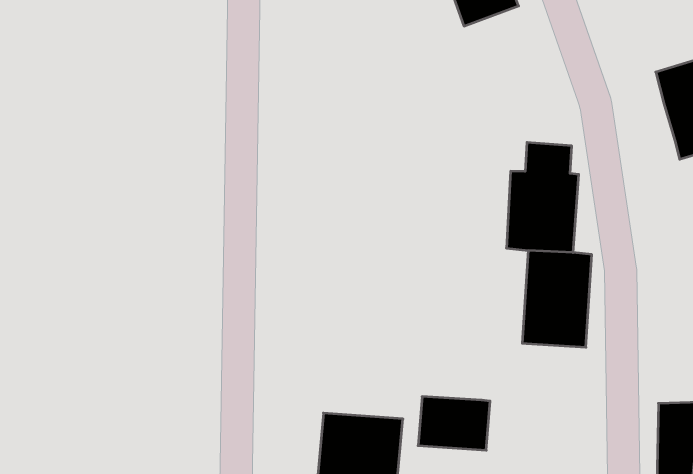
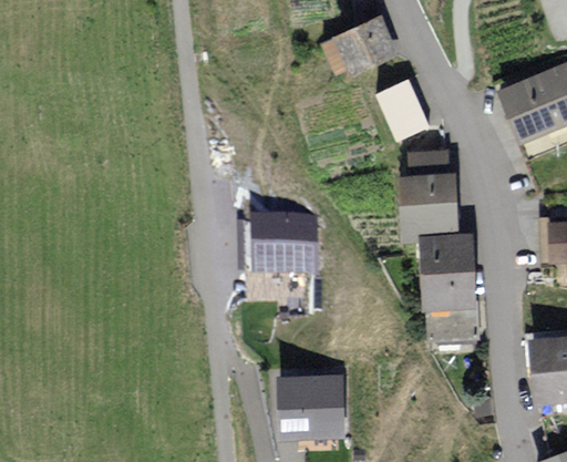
building: none -> [381,80,425,134]
building: none -> [248,217,313,274]
building: [418,397,490,450] -> [429,304,482,343]

